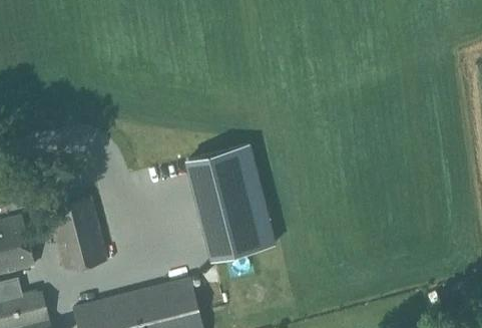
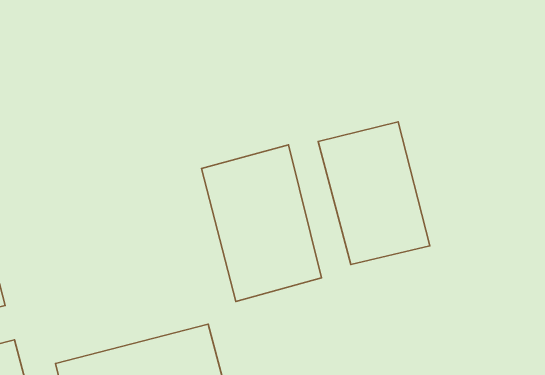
building: none -> [318,122,430,265]
building: [46,195,107,271] -> none

